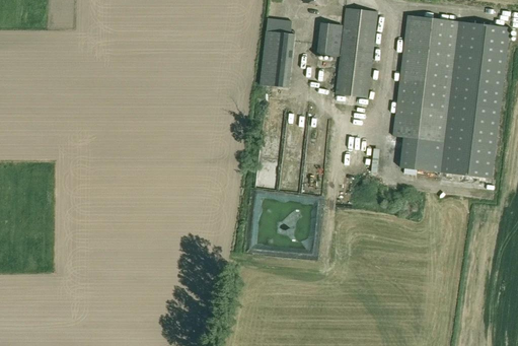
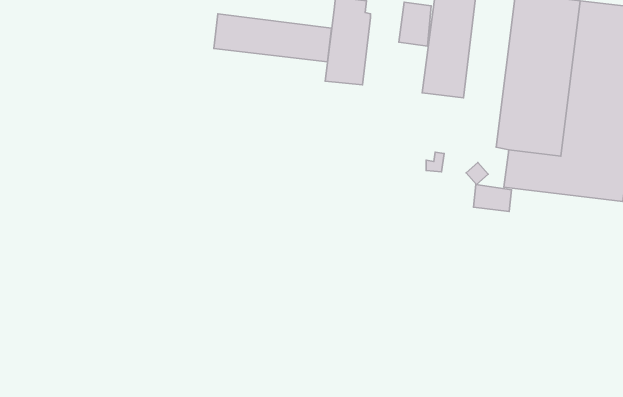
building: none -> [214,14,331,62]
building: none -> [473,185,512,212]

